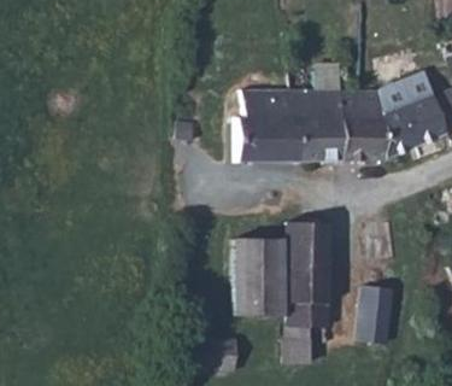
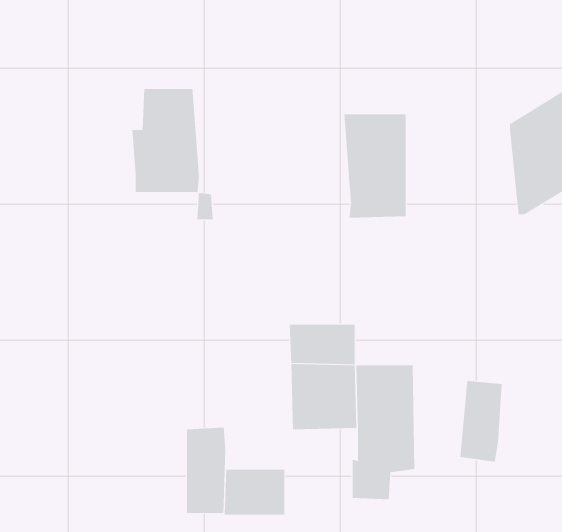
building: [230,88,278,162] -> [132,88,200,193]
building: [318,88,397,160] -> none
building: [282,220,323,265] -> none
building: none -> [187,427,226,514]

